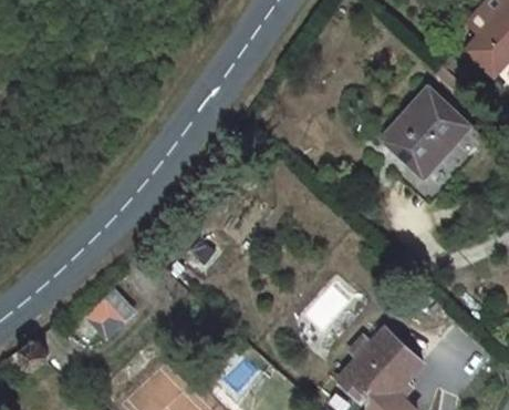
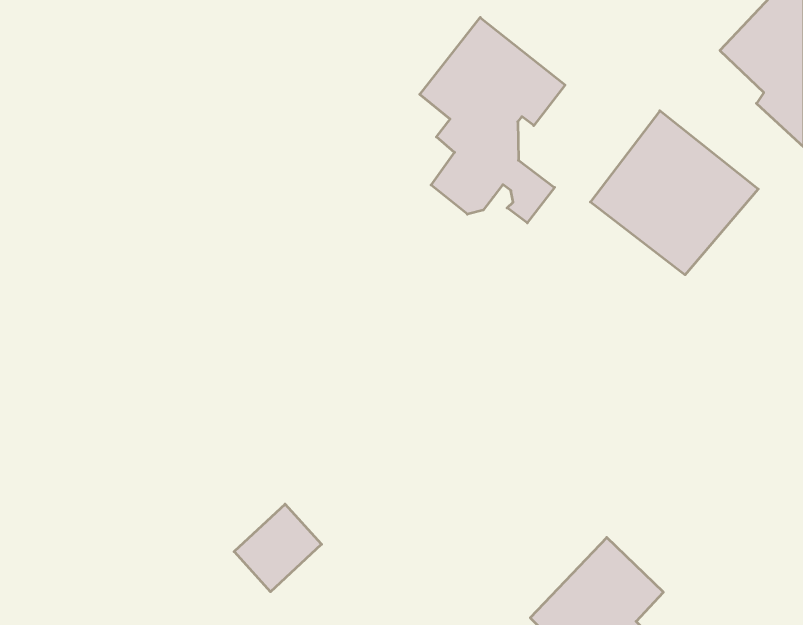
building: none -> [420,17,565,223]
building: [84,286,137,339] -> [234,504,322,592]

